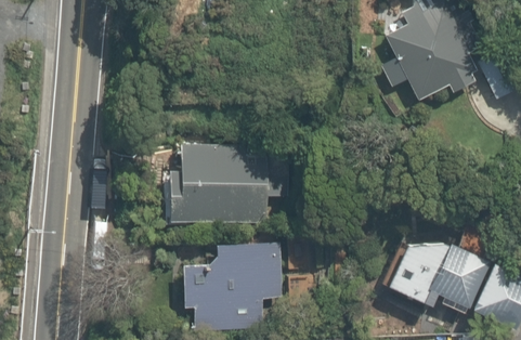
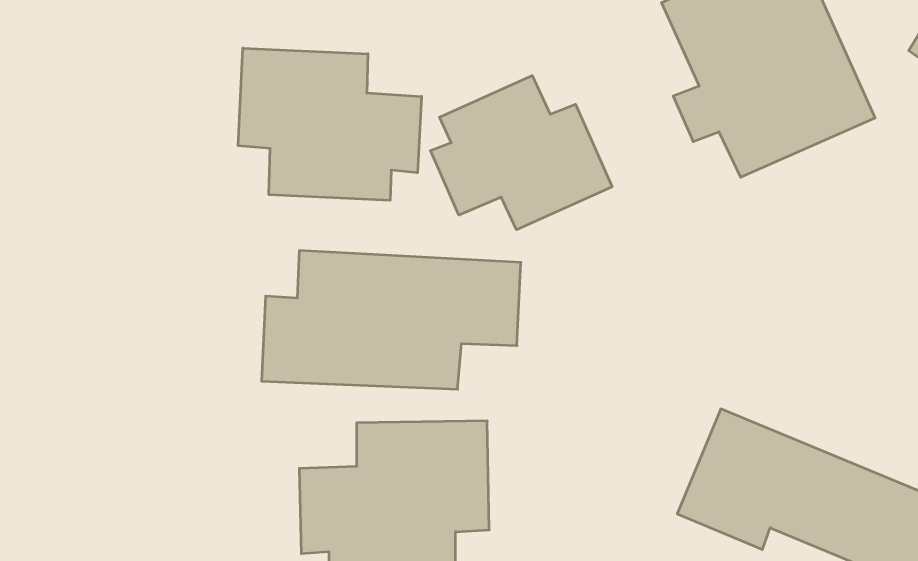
building: none -> [238,48,422,200]
building: none -> [430,76,612,230]

